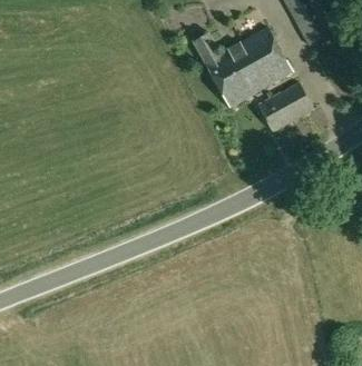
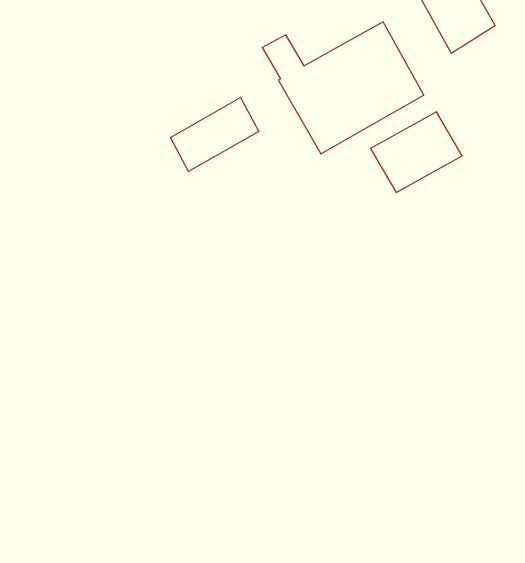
building: none -> [170,97,259,172]

